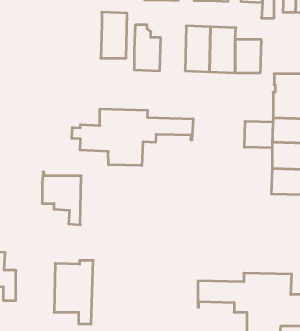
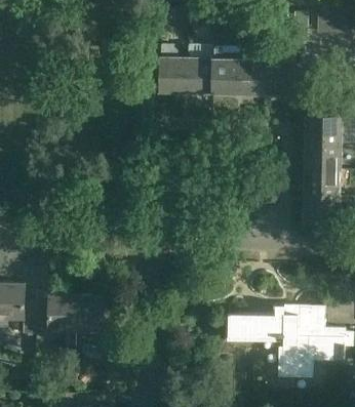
building: [101,12,127,58] -> [187,45,214,93]
building: [72,109,193,166] -> none
building: [244,121,273,148] -> none
building: [42,172,81,225] -> [36,291,77,347]

